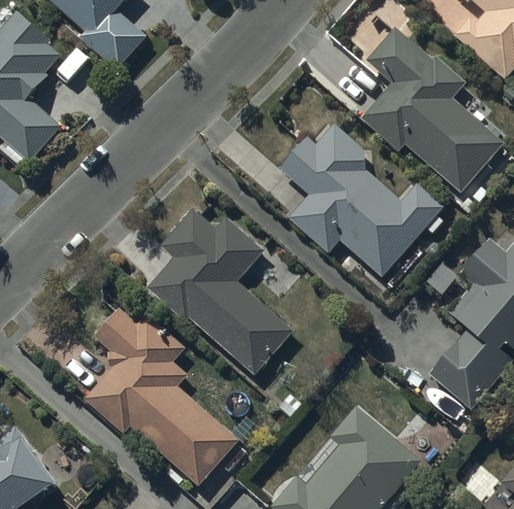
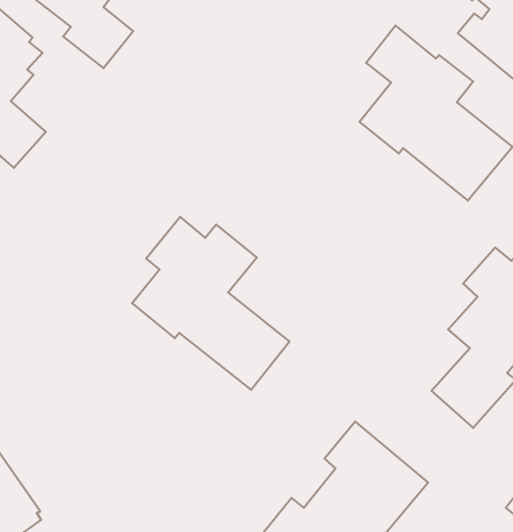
building: [277,123,444,277] -> none
building: [84,307,239,488] -> none

